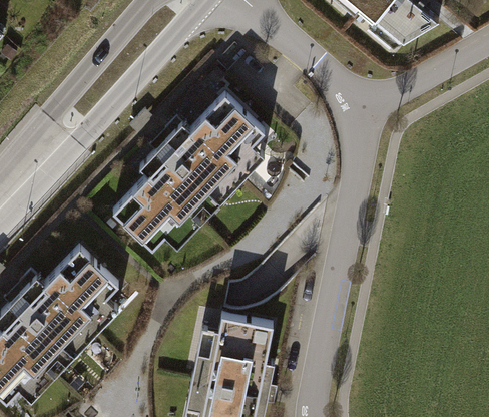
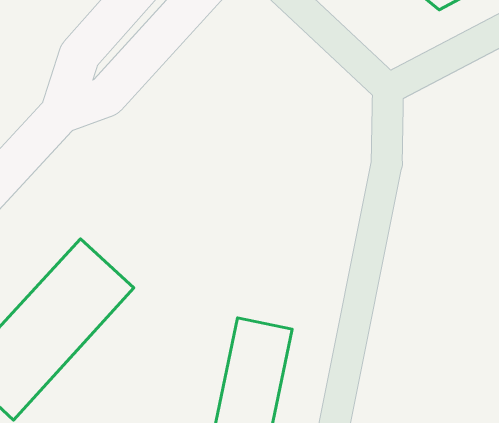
building: [116,102,265,253] -> none

